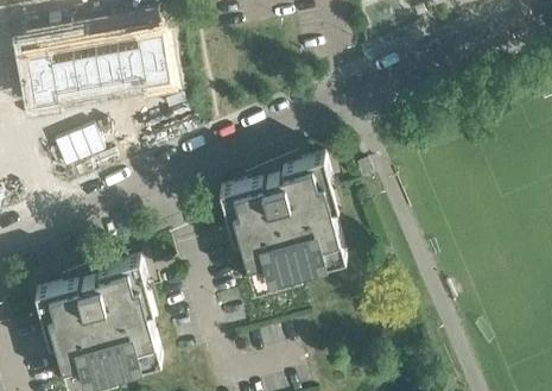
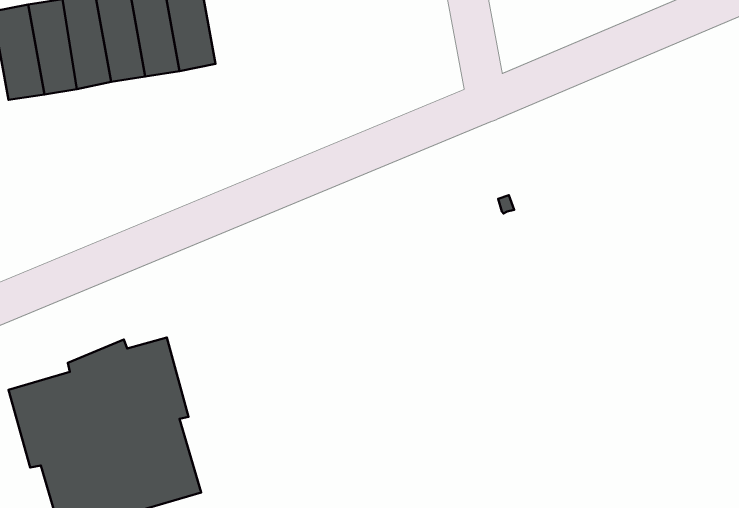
building: [216,152,343,286] -> none

